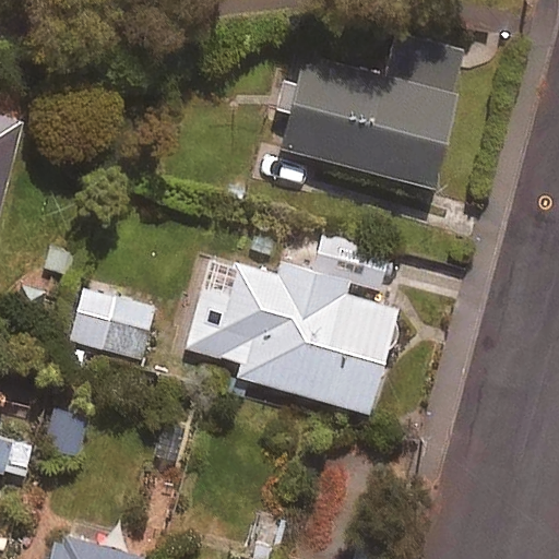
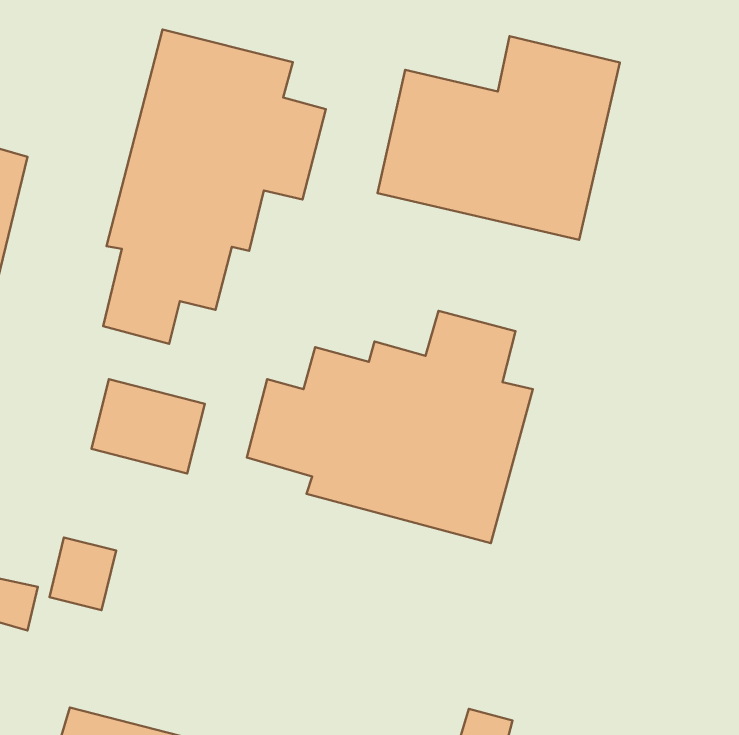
building: none -> [103,29,326,344]

